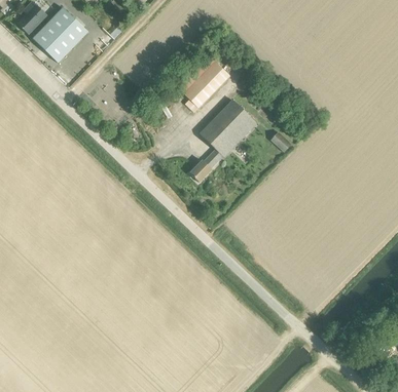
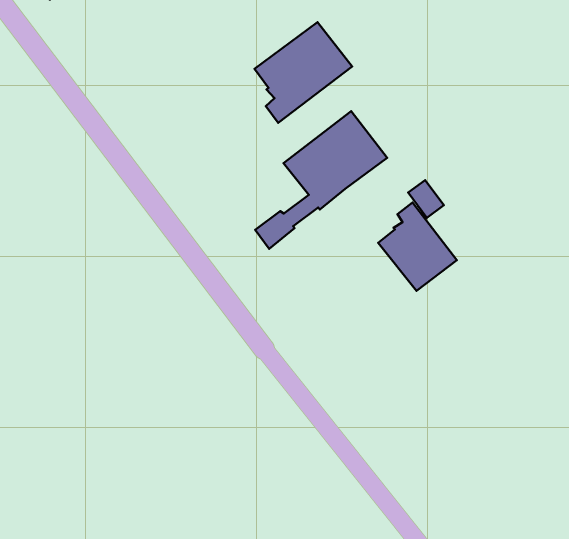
building: none -> [378,202,457,291]

